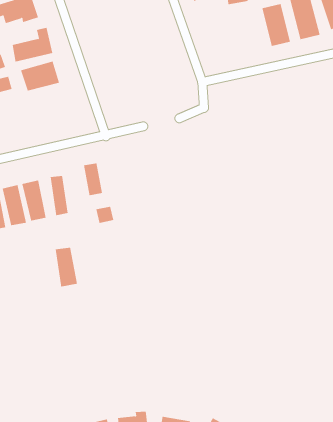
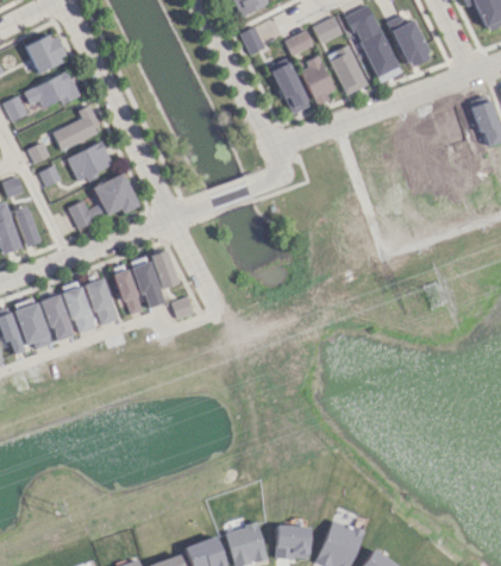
building: none -> [299,57,337,102]
building: none -> [273,62,309,113]
building: none -> [69,172,138,227]
building: [55,247,78,287] -> [133,262,164,308]

